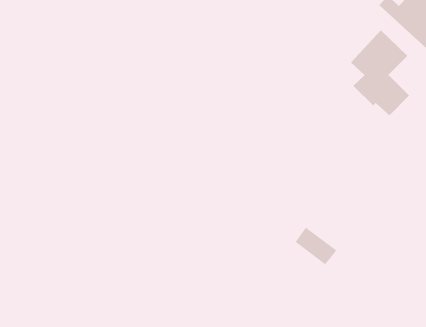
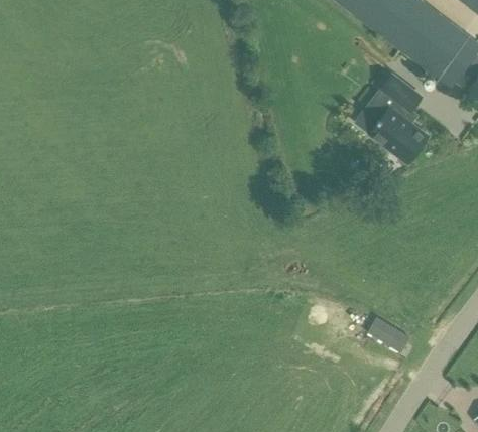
building: [295,227,337,265] -> [368,314,411,350]

